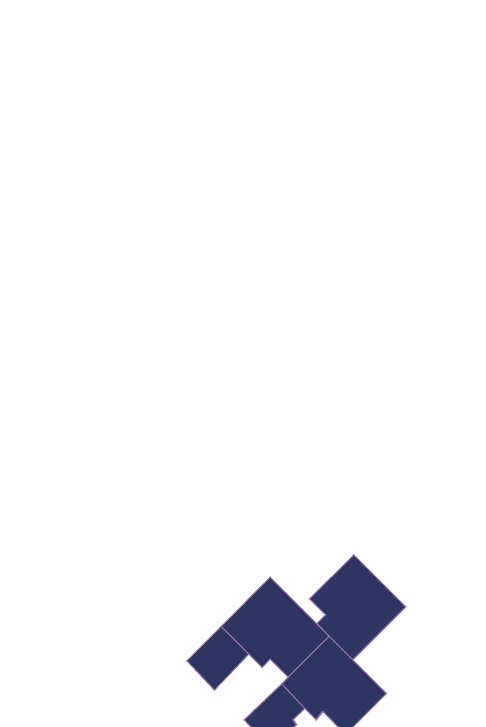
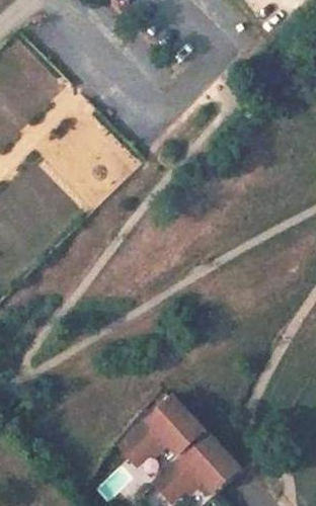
building: [310,555,406,660] -> none

